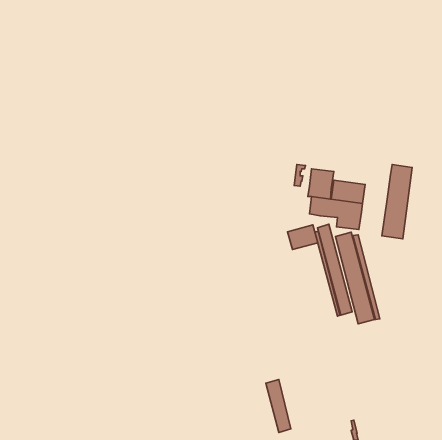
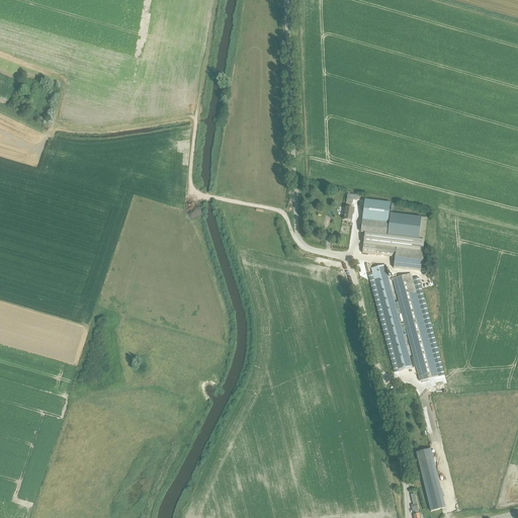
building: [382,165,412,239] -> none
building: [288,225,318,250] -> none
building: [266,380,291,432] -> [416,447,445,509]

